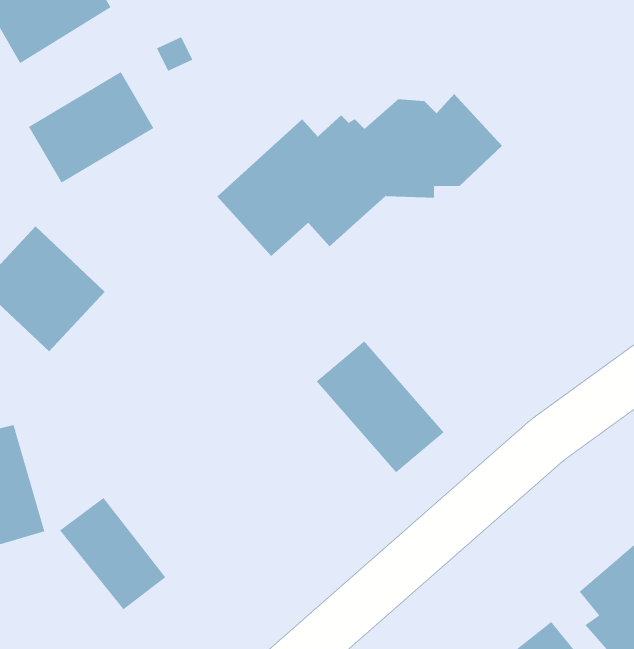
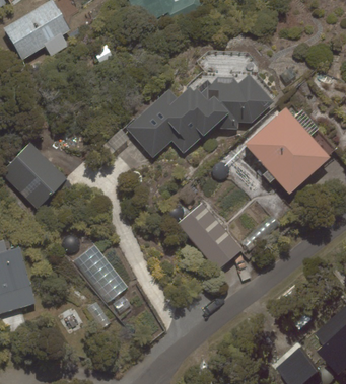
building: [28,71,154,184] -> none
building: none -> [245,108,330,194]
building: [59,497,166,610] -> [71,244,127,303]

